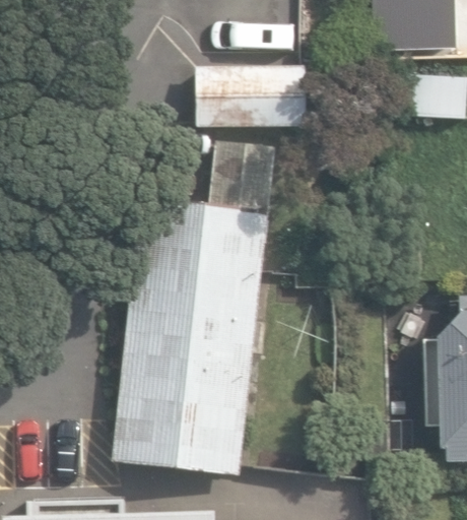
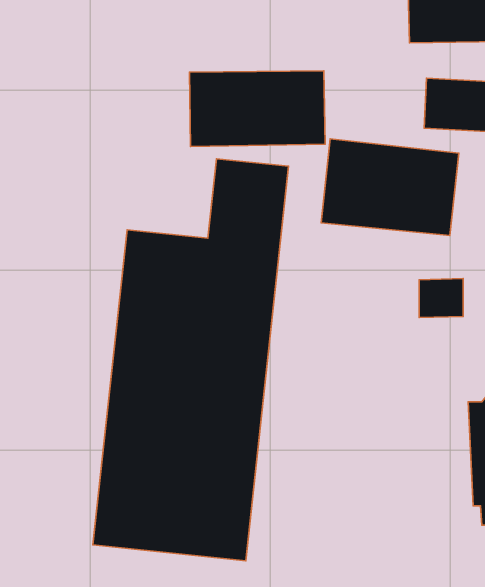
building: none -> [321,139,459,236]

